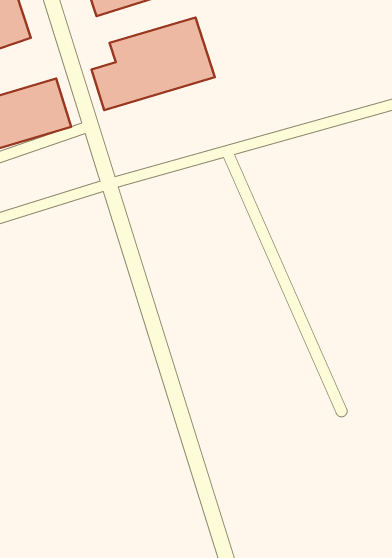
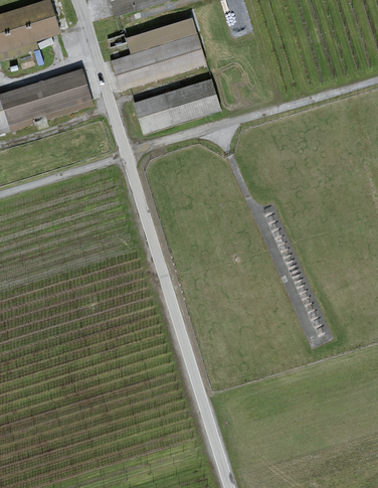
building: none -> [133,78,221,134]

